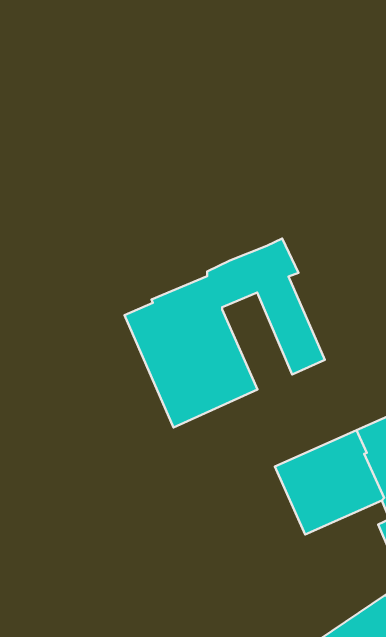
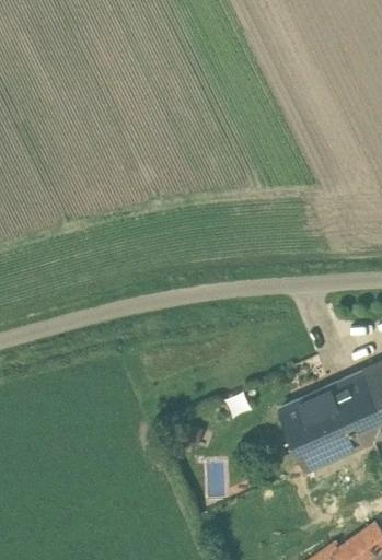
building: [125,238,325,427] -> none

